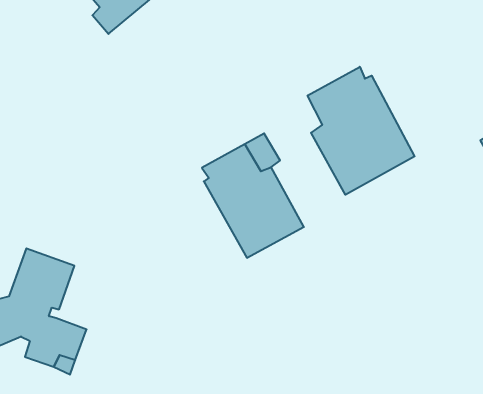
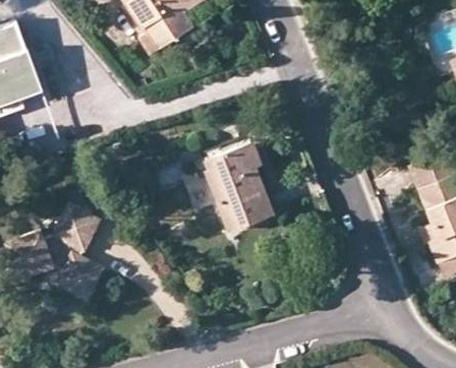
building: [308,67,415,195] -> none

